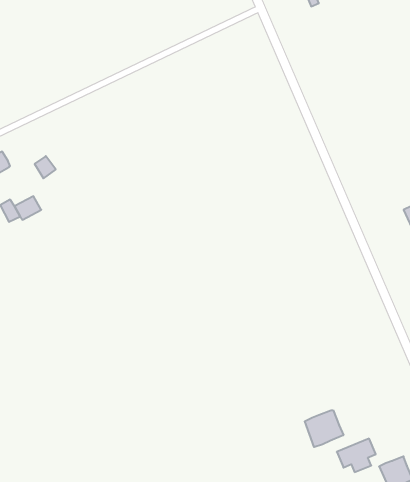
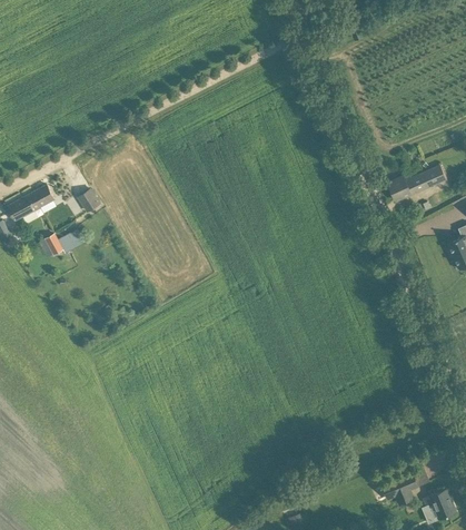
building: none -> [387,166,445,200]
building: [305,410,343,447] -> none

